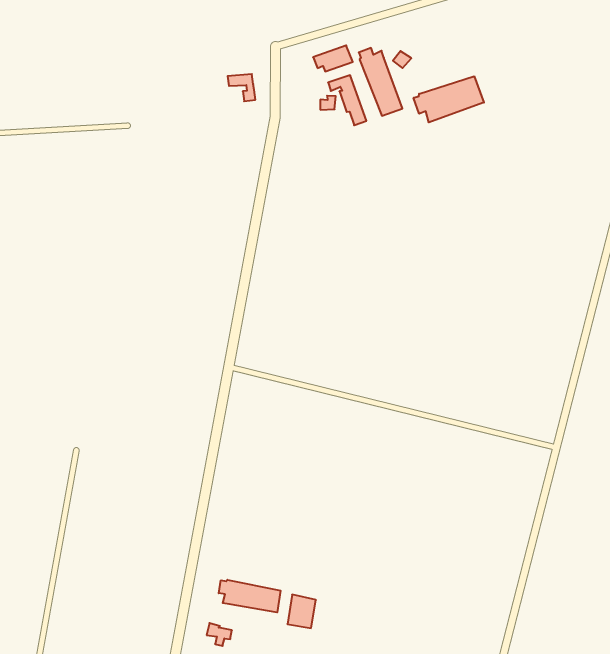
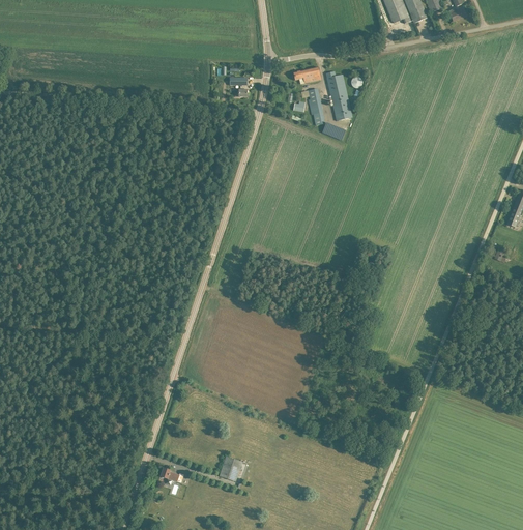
building: [414,76,484,122] -> none
building: [219,580,281,612] -> none

